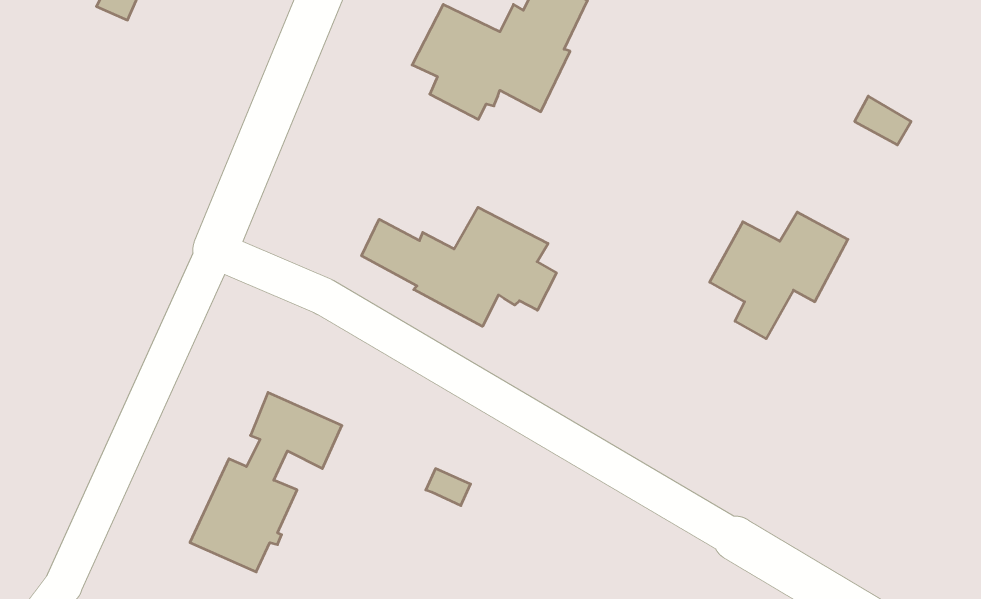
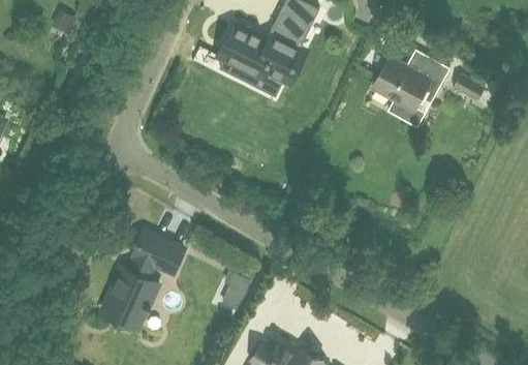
building: [362,207,556,326] -> none
building: [710,212,848,339] -> [373,51,446,118]

